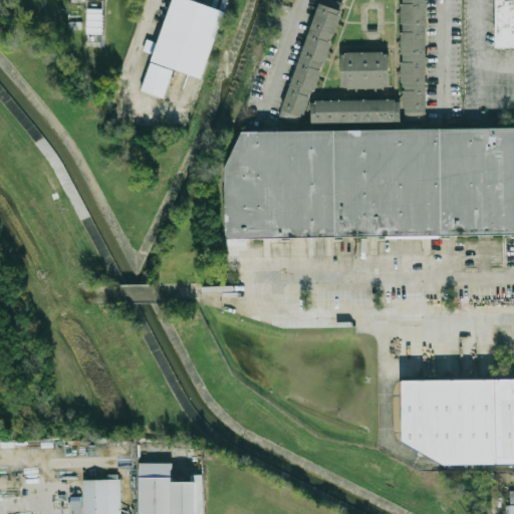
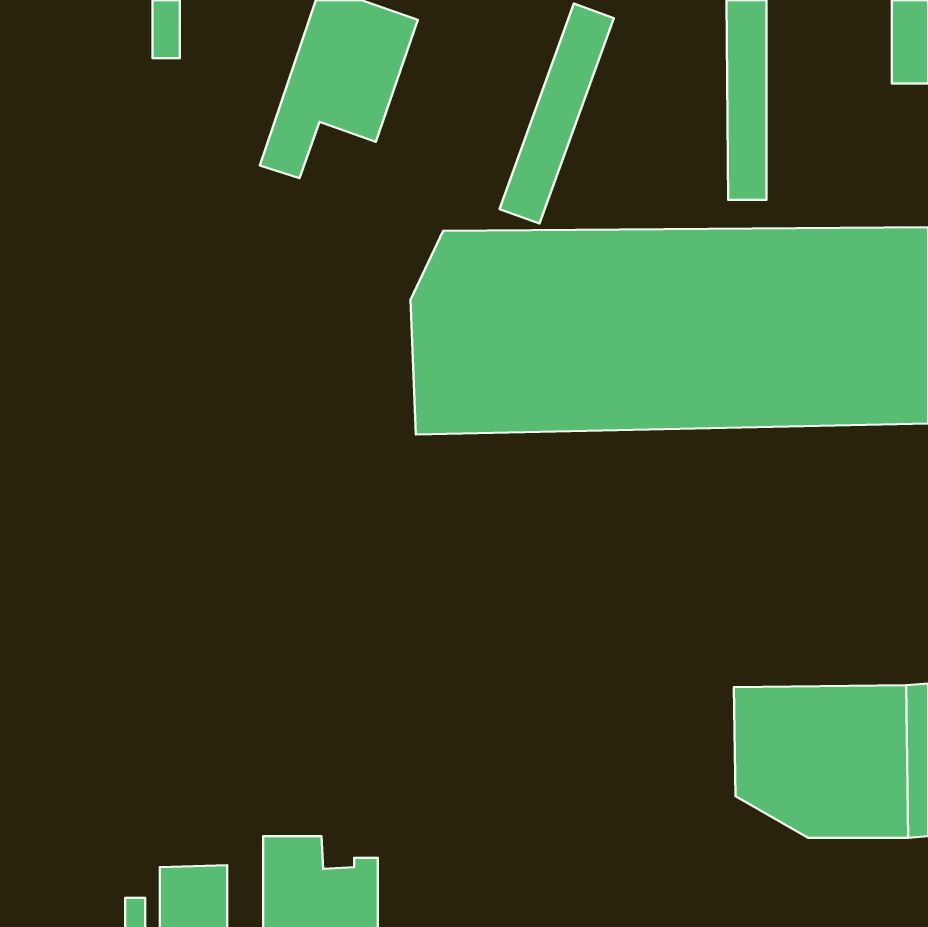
building: [341,54,387,89] -> none
building: [312,100,398,125] -> none

